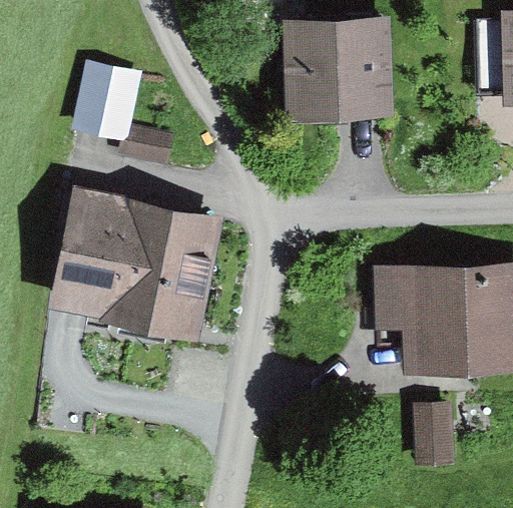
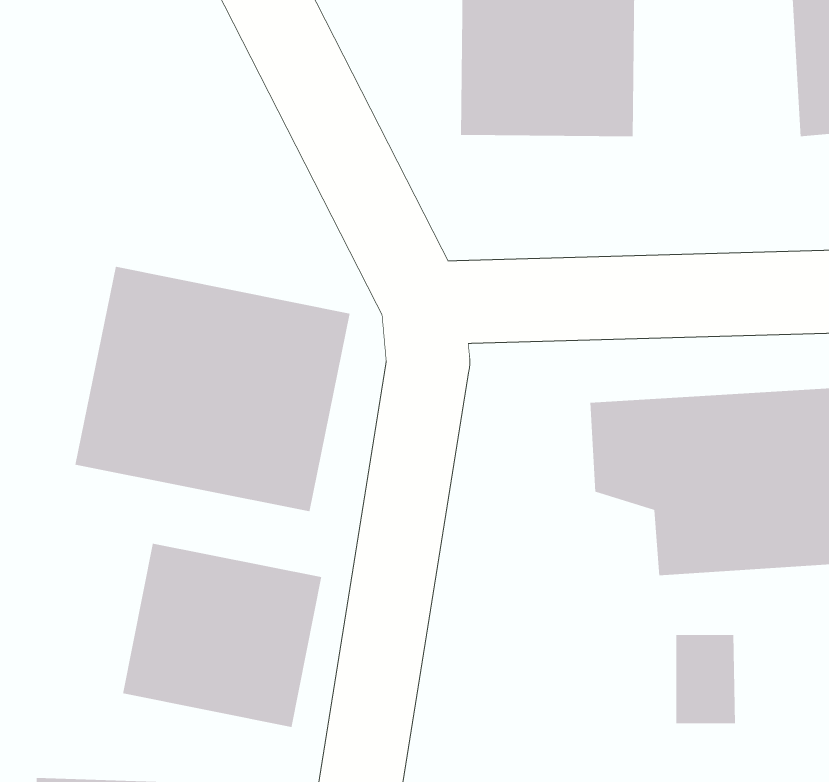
building: [64,55,139,145] -> none
building: none -> [122,543,322,728]

